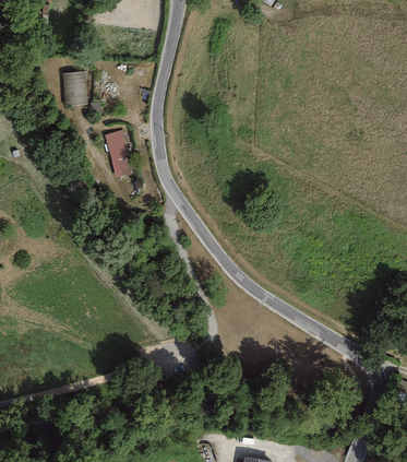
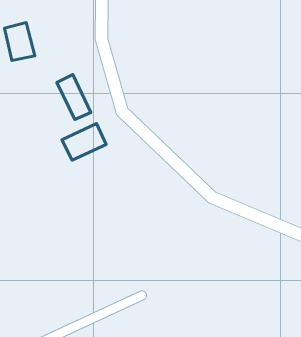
building: none -> [62,123,106,160]

